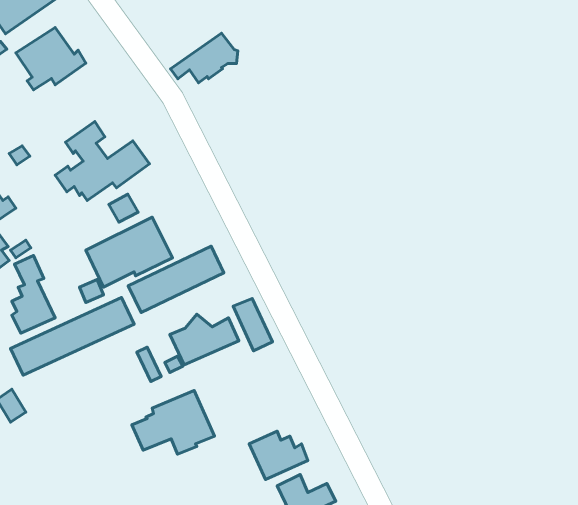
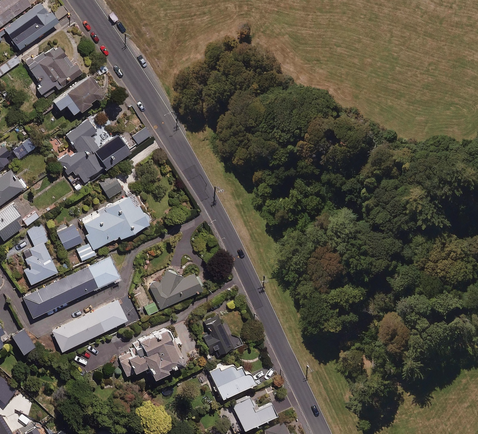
building: [170,33,238,83] -> [51,75,104,114]
building: [128,246,224,312] -> [52,299,127,351]
building: none -> [58,223,82,249]
building: [233,299,273,351] -> [202,315,233,356]

